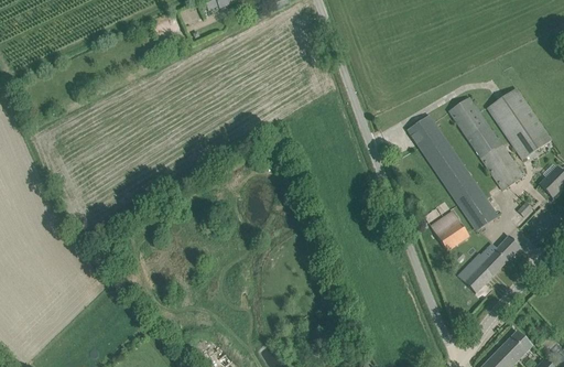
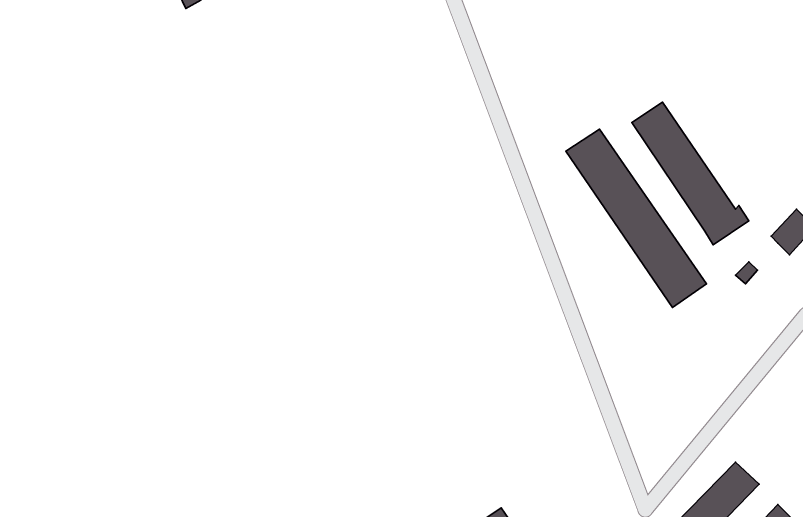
building: [487,87,552,159] -> none
building: [430,211,469,250] -> none
building: [457,235,520,293] -> none

